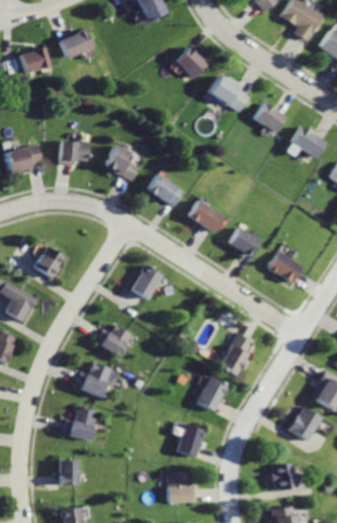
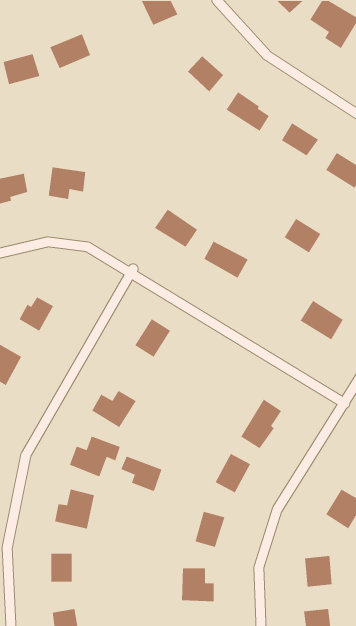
building: [107,147,139,182] -> none
building: [228,228,260,257] -> [283,218,322,254]
building: none -> [120,456,162,492]

